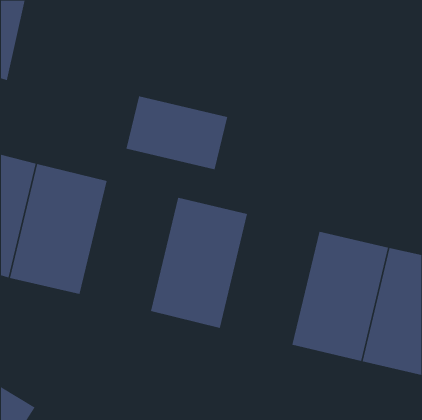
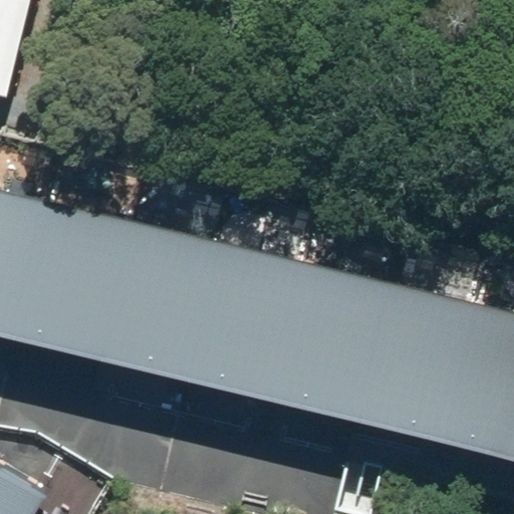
building: [126,95,228,170] -> none
building: none -> [97,222,216,380]
building: none -> [268,262,388,422]

